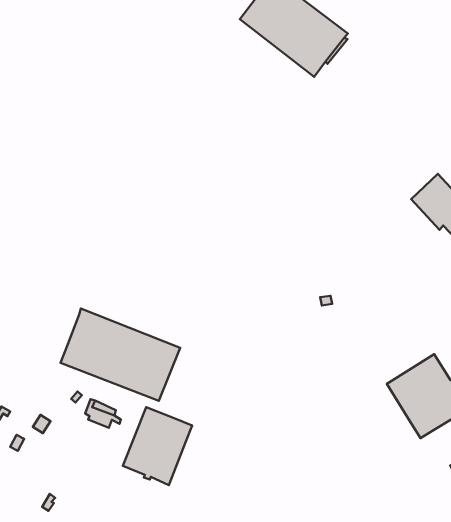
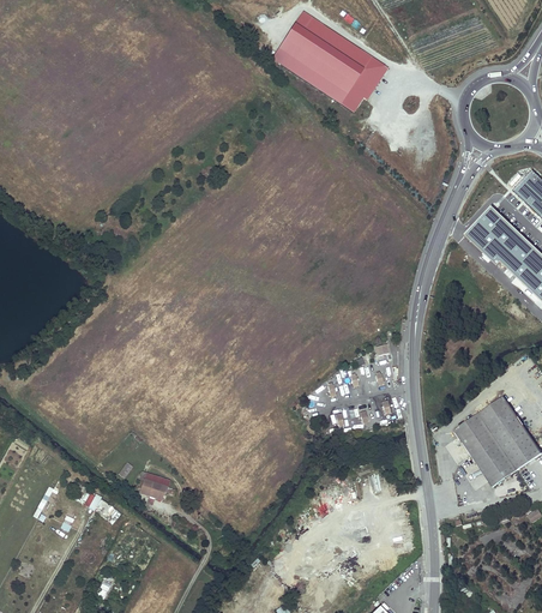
building: [60,309,180,401] -> none
building: [123,407,192,485] -> none

